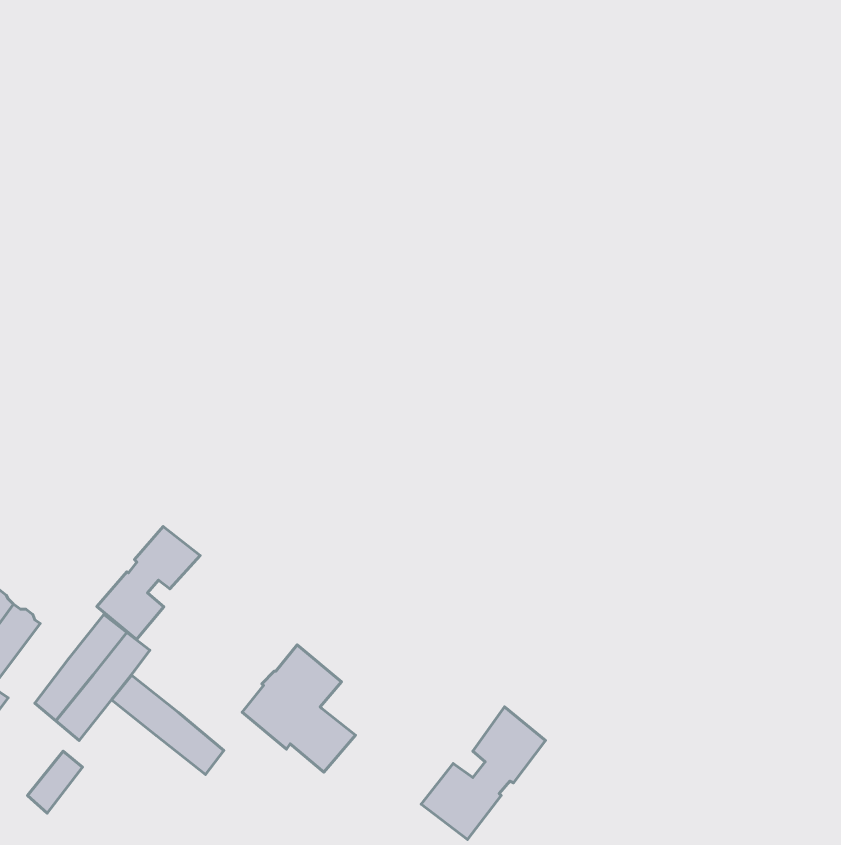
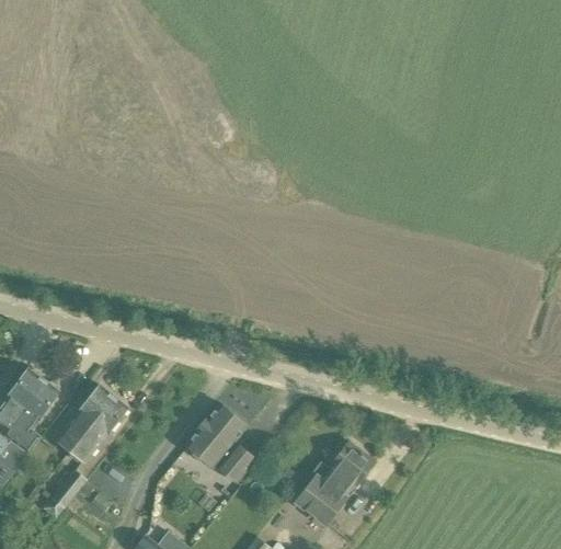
building: [97,526,200,640] -> none
building: [111,675,224,774] -> none

